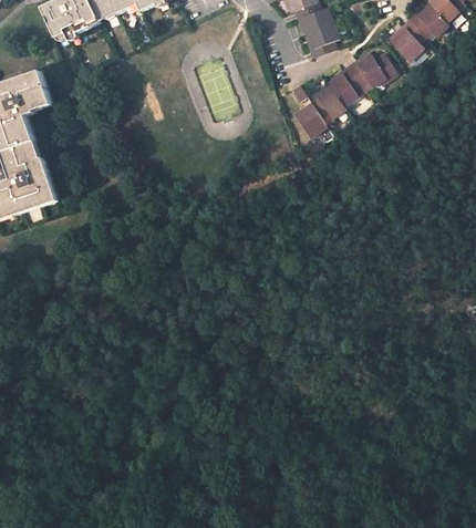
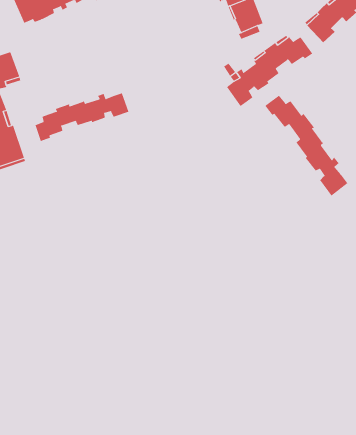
building: none -> [35,92,129,142]
building: none -> [264,95,348,196]

